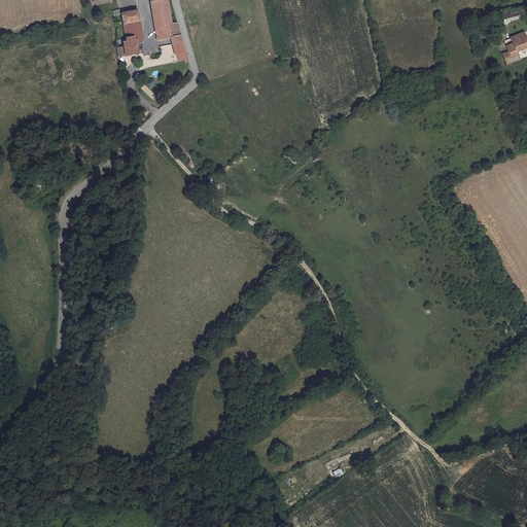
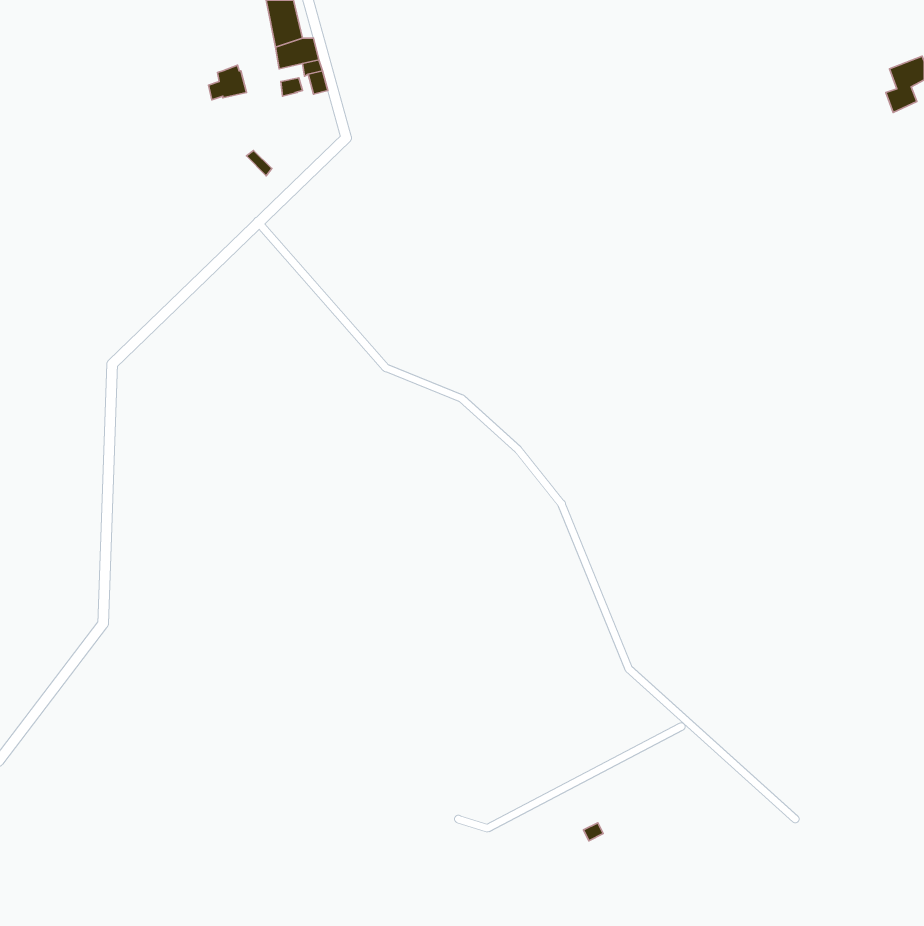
building: [121,7,144,40] -> none

